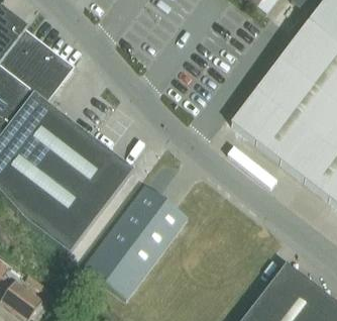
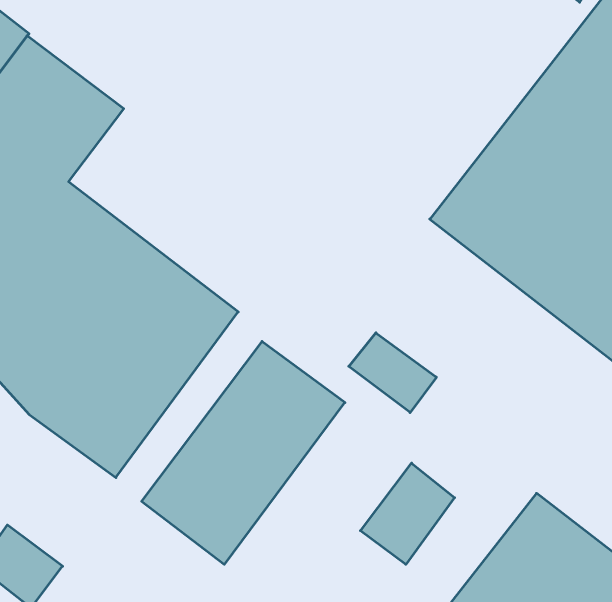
building: none -> [349,333,436,413]
building: none -> [360,463,455,564]

